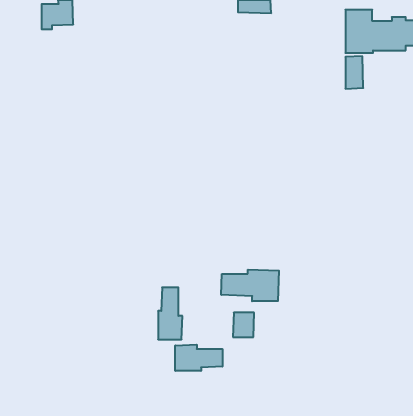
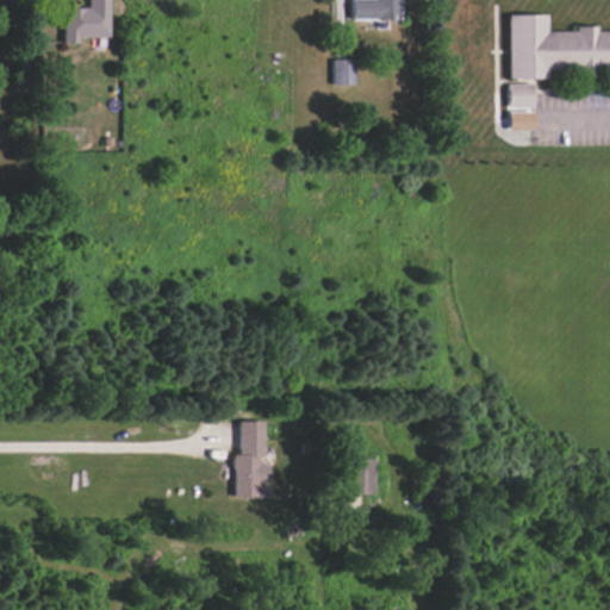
building: none -> [335,58,356,85]
building: [221,270,279,301] -> none
building: [175,345,222,371] -> none

